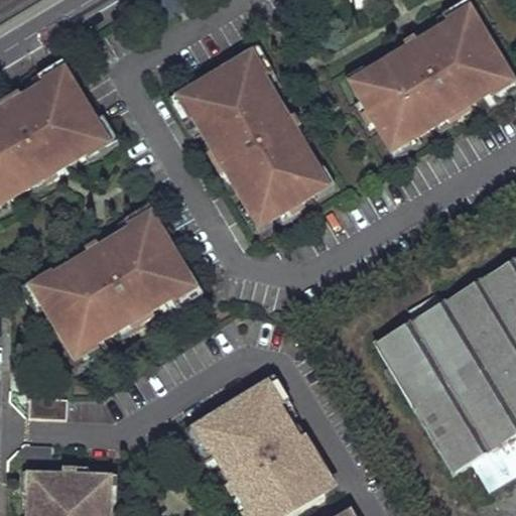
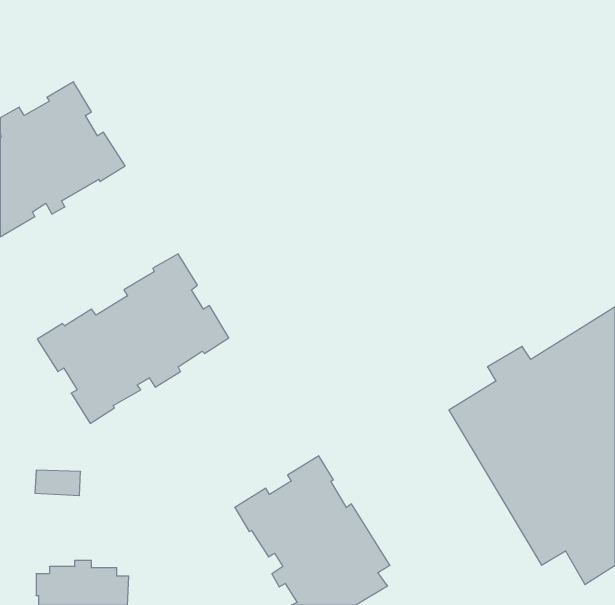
building: [357,5,509,141] -> none
building: [177,50,320,216] -> none

